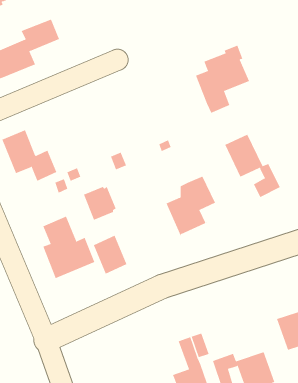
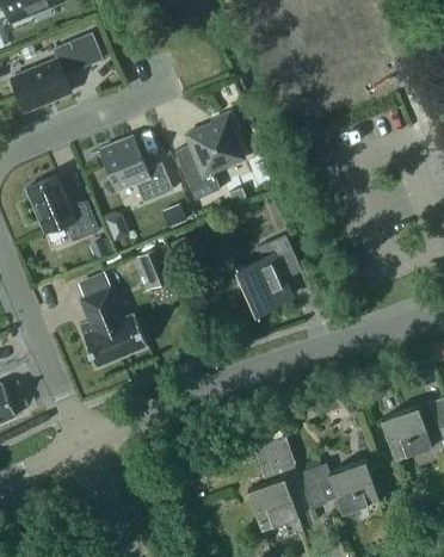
building: [195,45,250,114] -> [174,112,245,200]
building: none -> [99,137,172,202]
building: [224,134,280,198] -> none
building: [93,235,127,275] -> none

